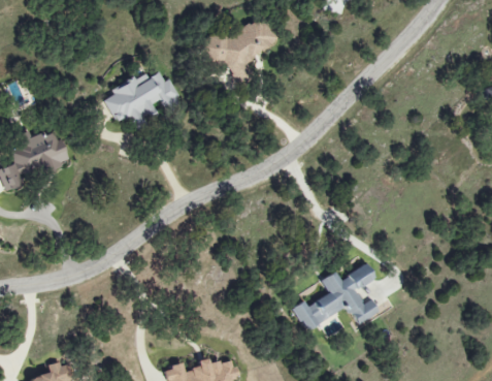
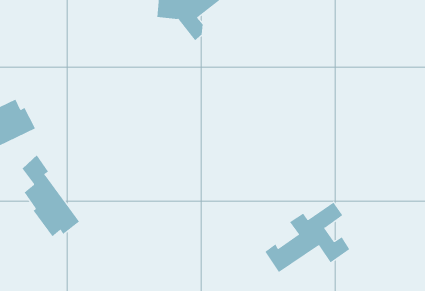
building: [104,71,178,130] -> none
building: none -> [22,154,80,237]

